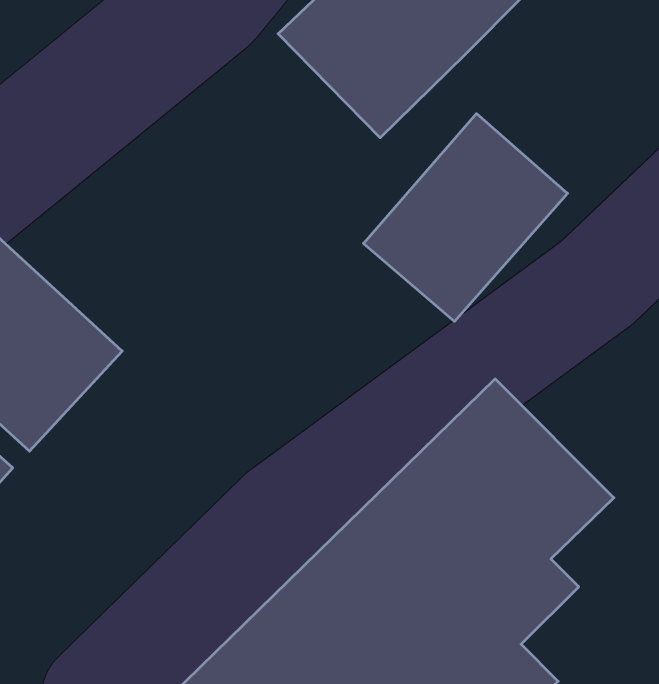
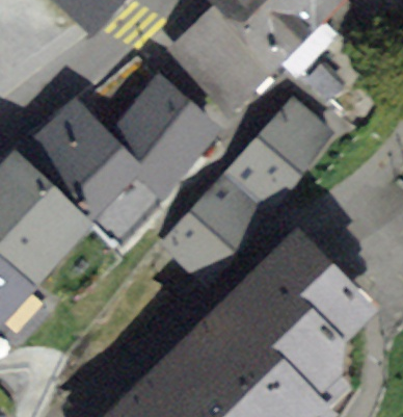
building: none -> [125,84,213,190]
building: none -> [36,101,156,228]
building: none -> [160,162,275,280]

